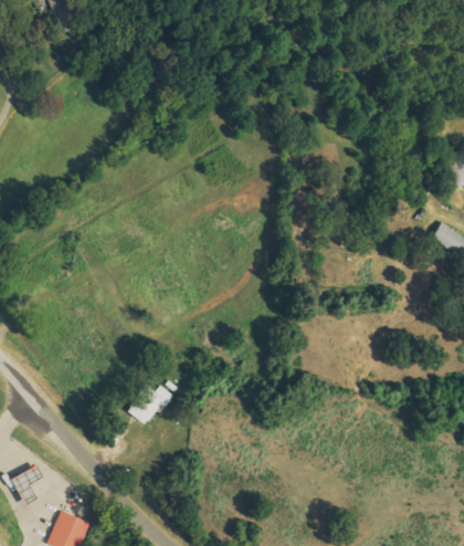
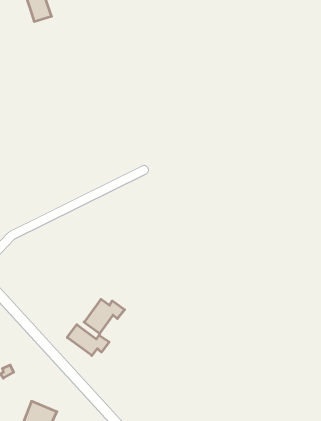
building: none -> [67,325,109,356]

